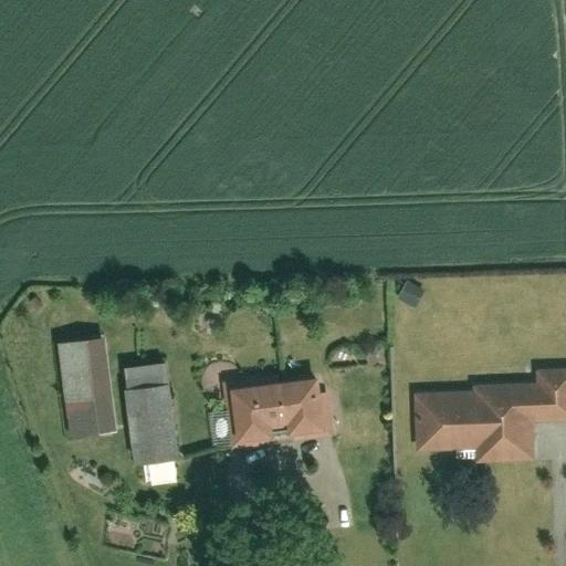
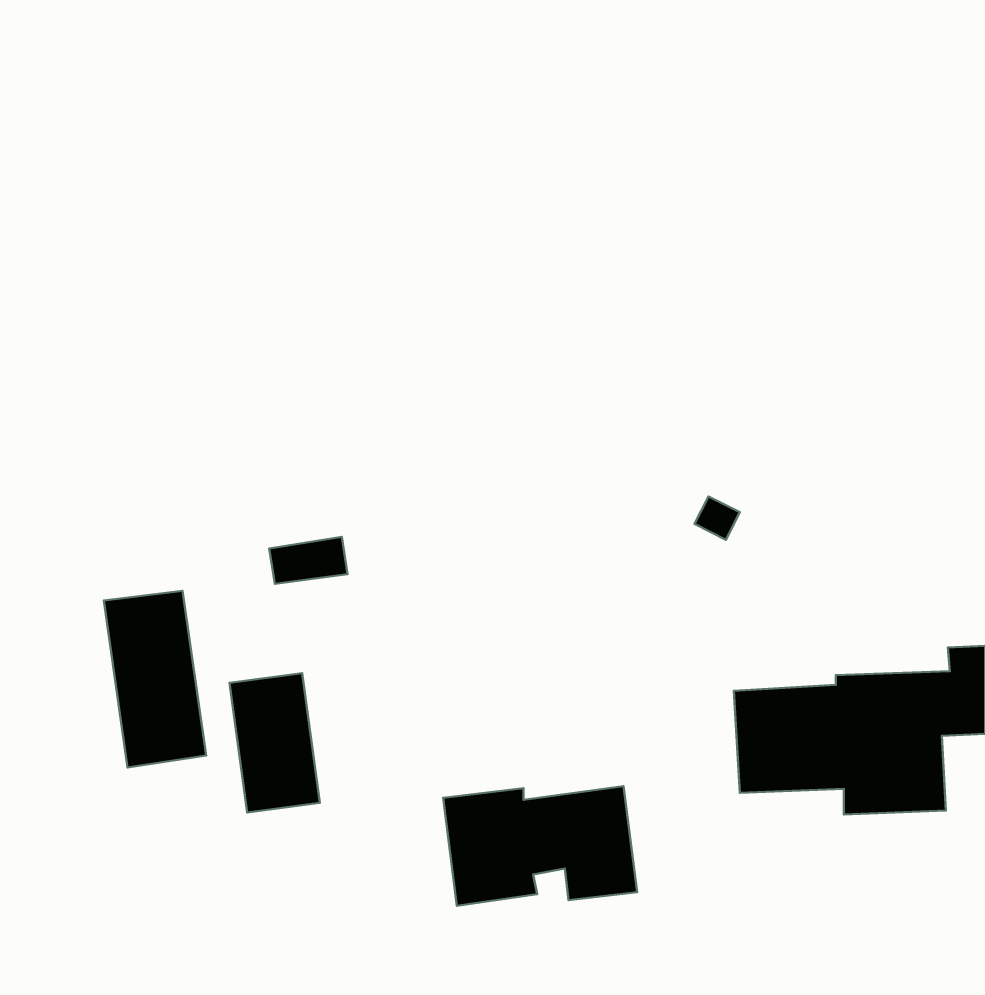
building: [126,363,170,389] -> [269,537,348,584]
building: [221,376,331,443] -> [443,786,637,906]

